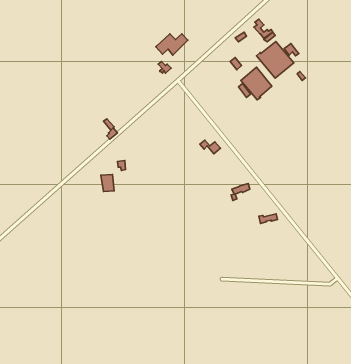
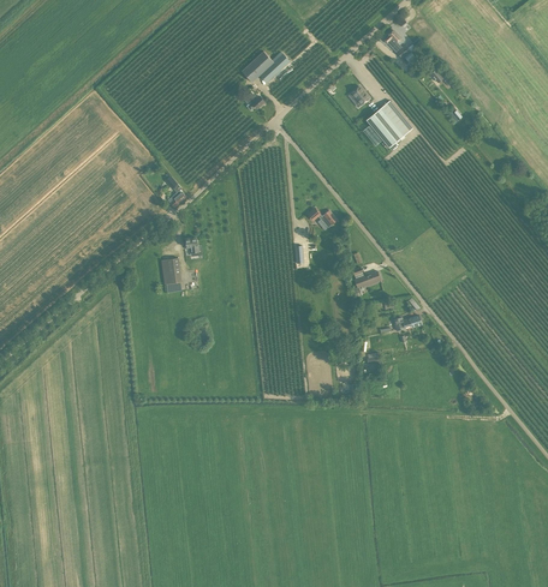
building: [257,42,294,78] -> none

